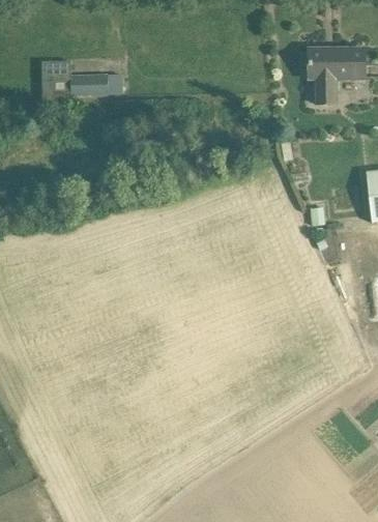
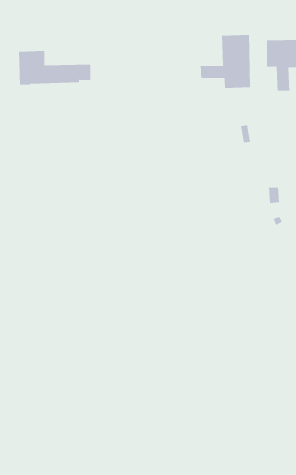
building: none -> [200,34,251,89]

